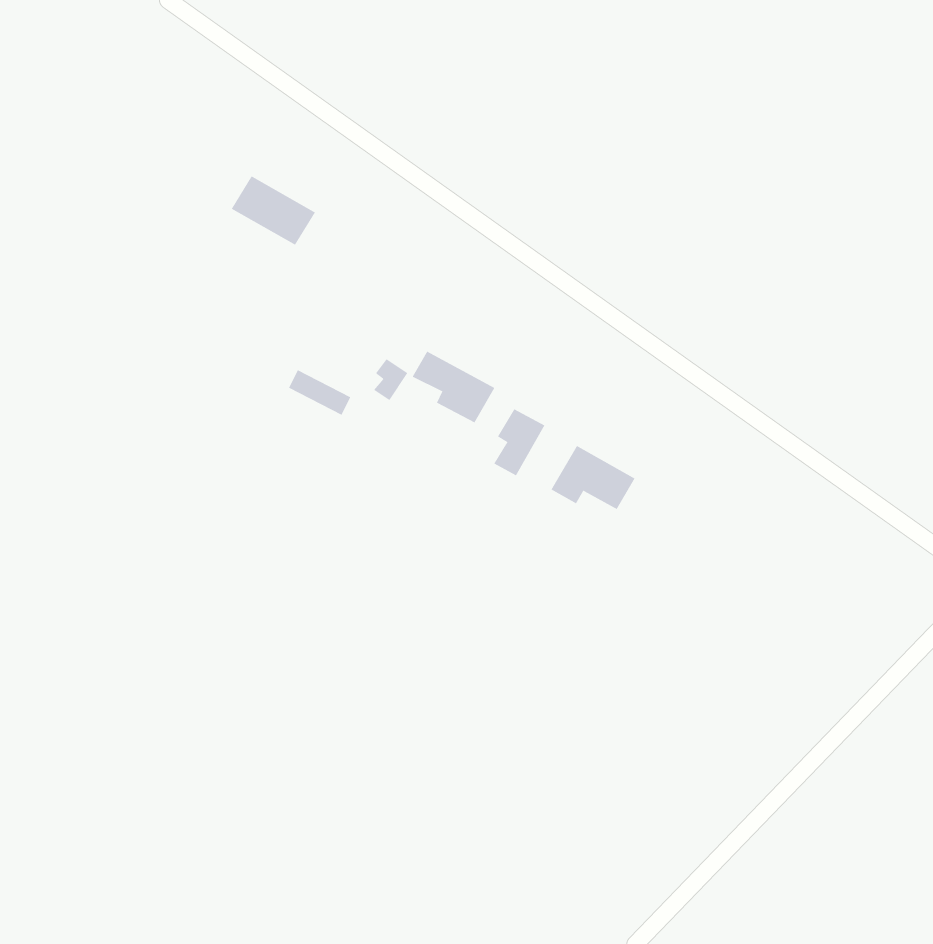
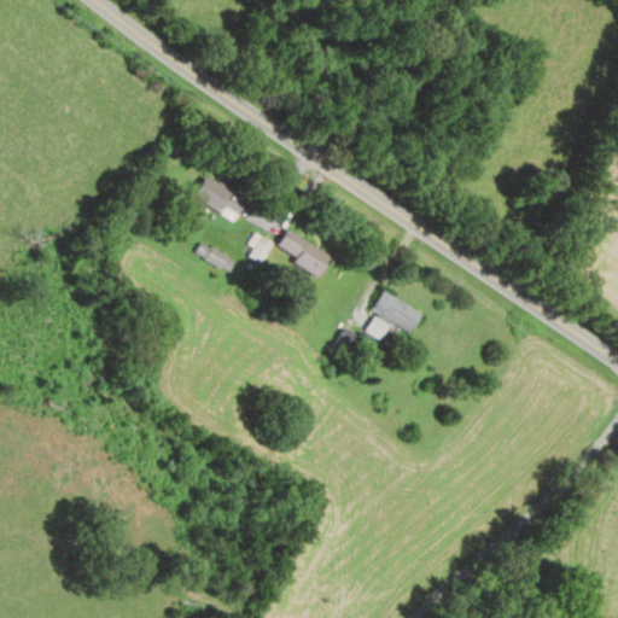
building: [231,175,316,246] -> [192,175,247,221]
building: [493,409,545,476] -> none

